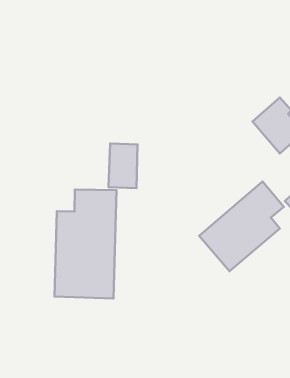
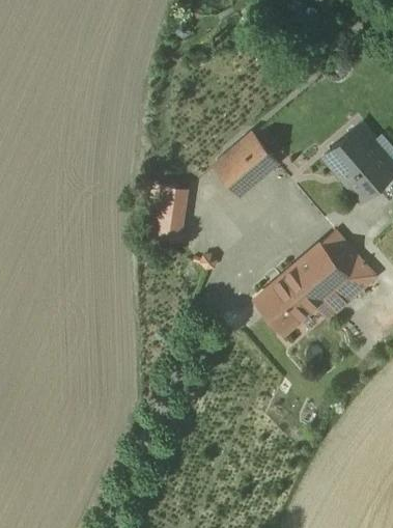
building: none -> [217,134,277,193]
building: [55,189,117,298] -> none

